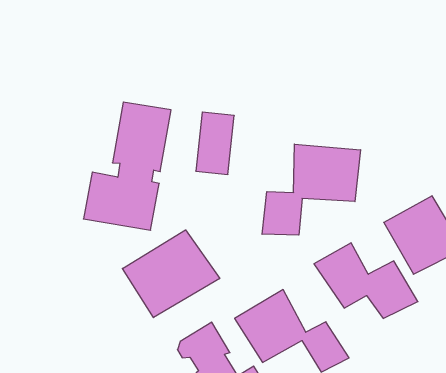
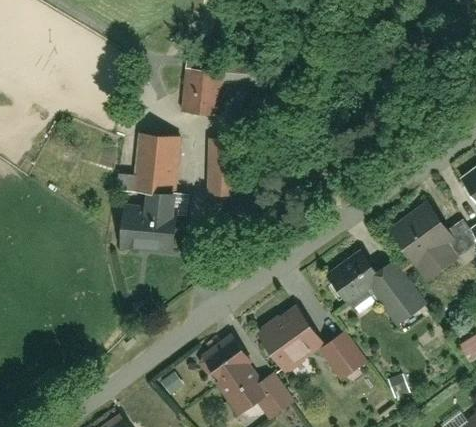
building: none -> [180,70,225,118]
building: [262,144,361,235] -> none
building: [122,230,220,318] -> none

